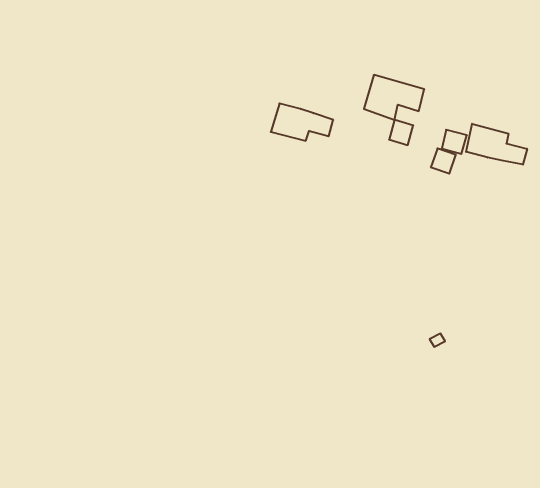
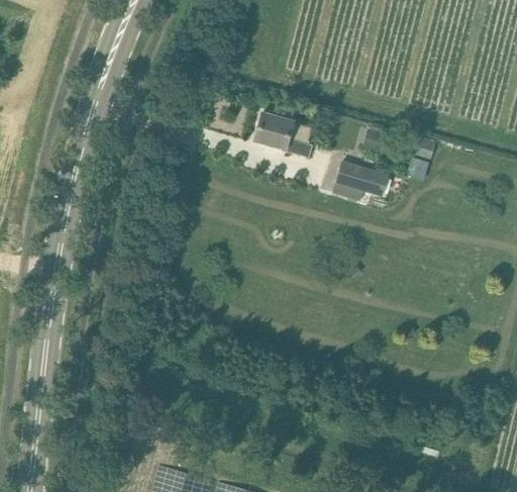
building: [364,75,424,120] -> [333,162,389,203]
building: [466,124,527,165] -> none

